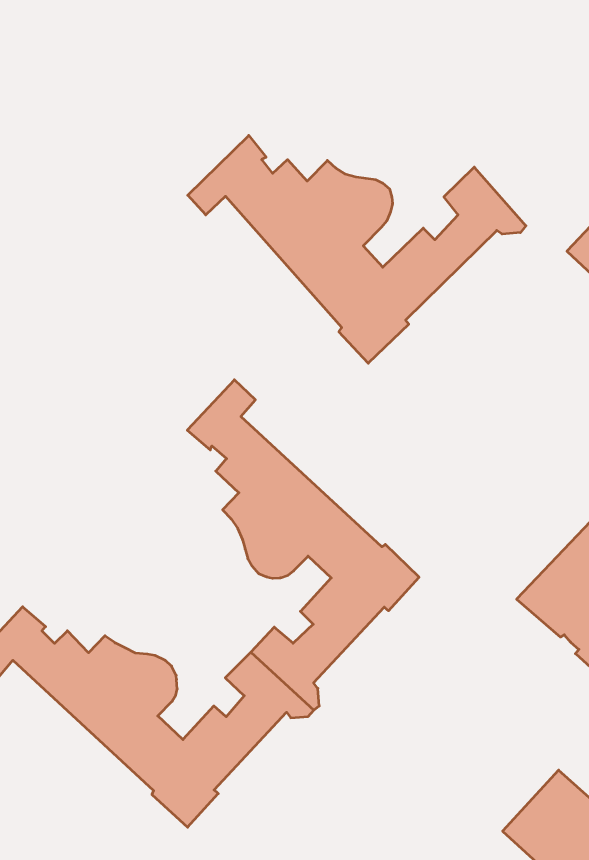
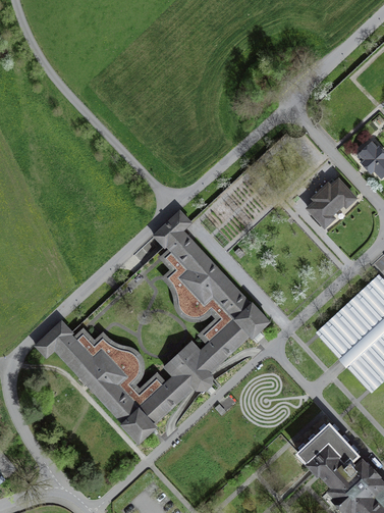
building: [188,135,526,363] -> none
building: none -> [308,181,355,226]

